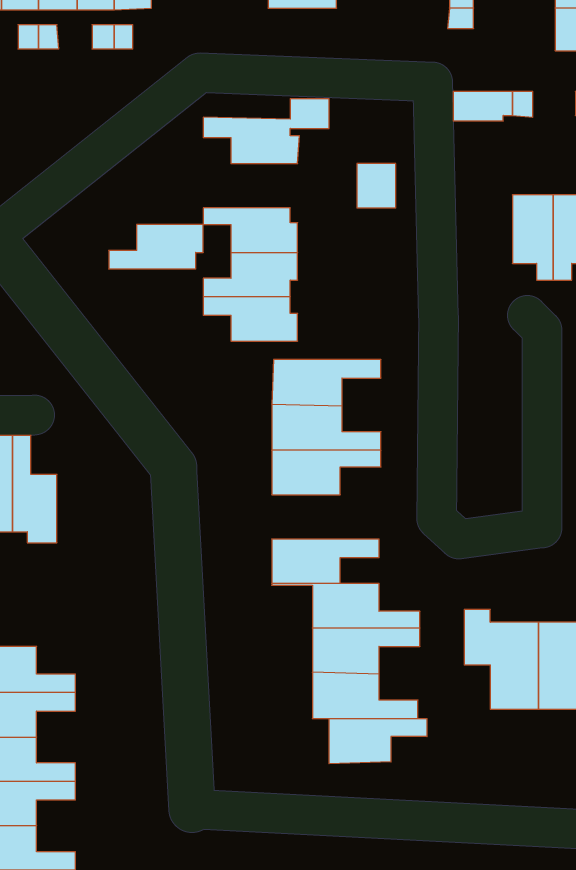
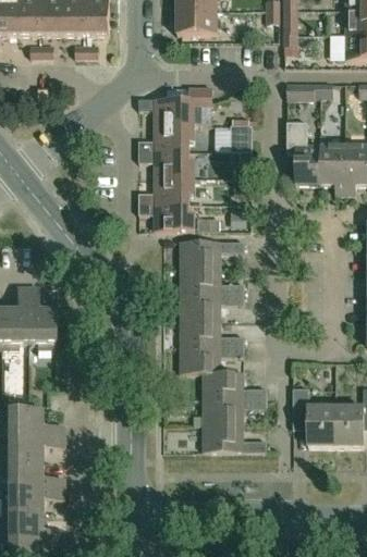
building: none -> [288,121,321,184]
building: [109,225,203,269] -> [139,125,195,151]
building: none -> [180,320,244,346]
building: [329,719,427,764] -> none

